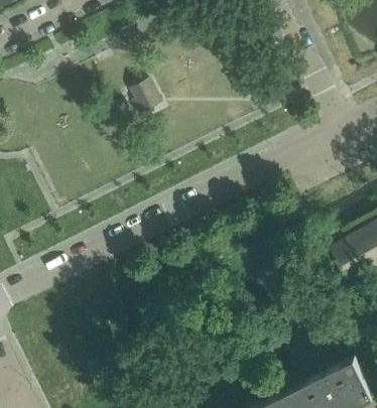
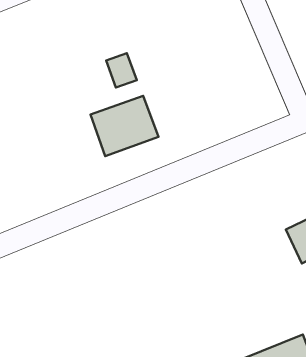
building: none -> [91,96,158,156]

